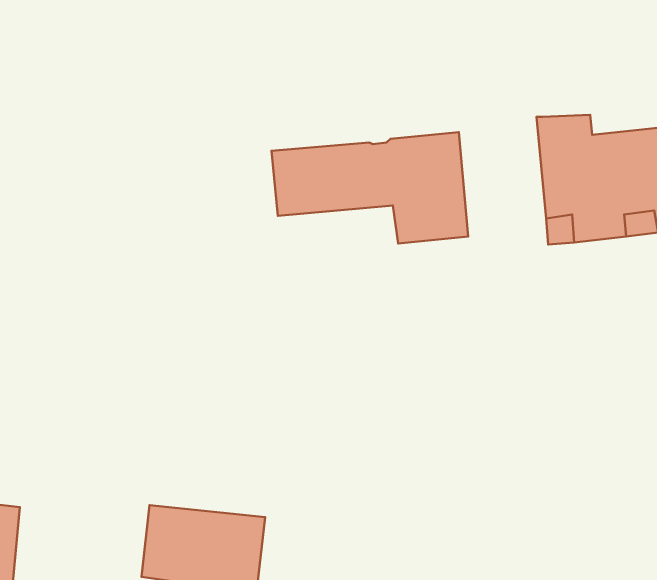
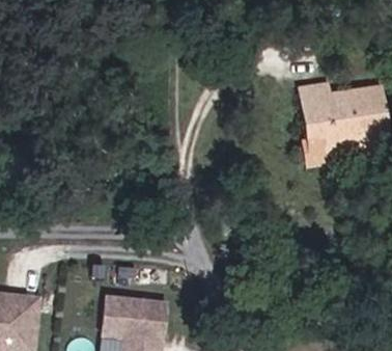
building: [272,132,468,244] -> none

